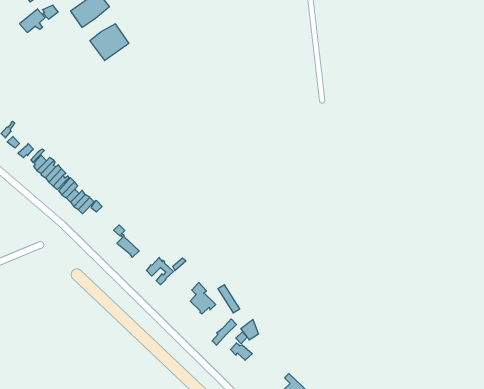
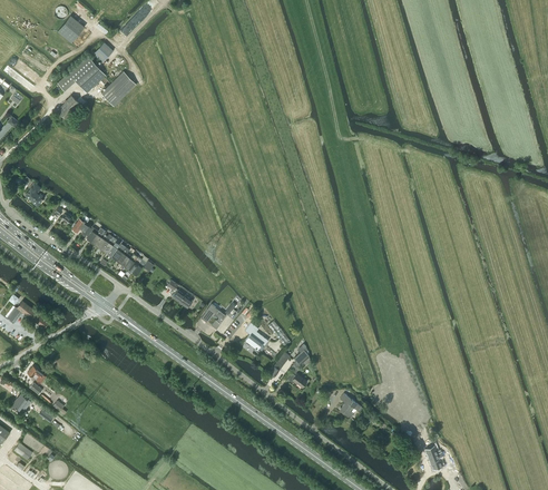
building: [90,24,129,61] -> none

